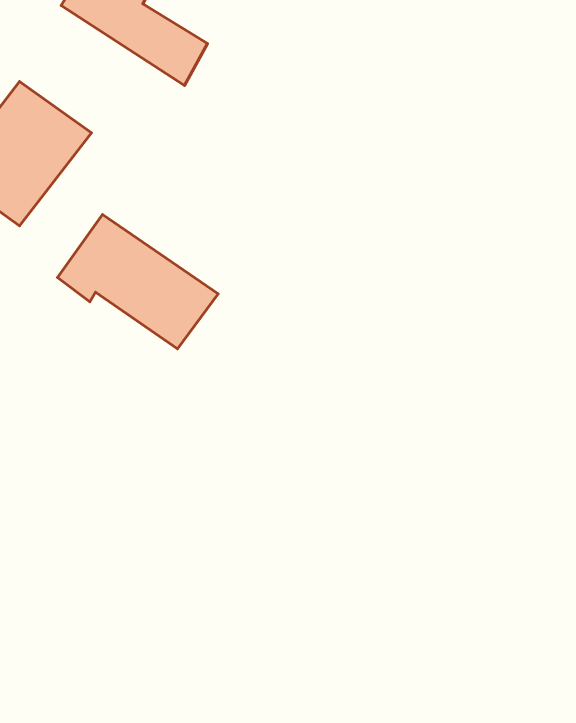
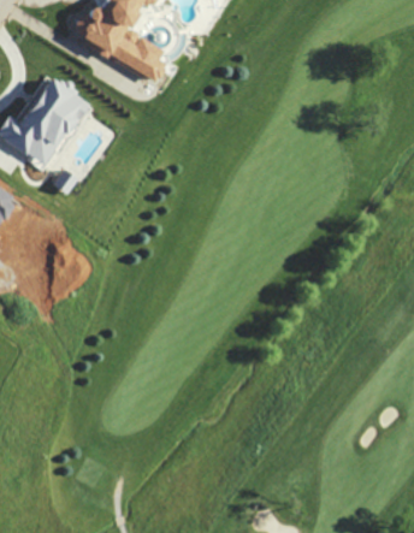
building: [57,215,218,349] -> none

